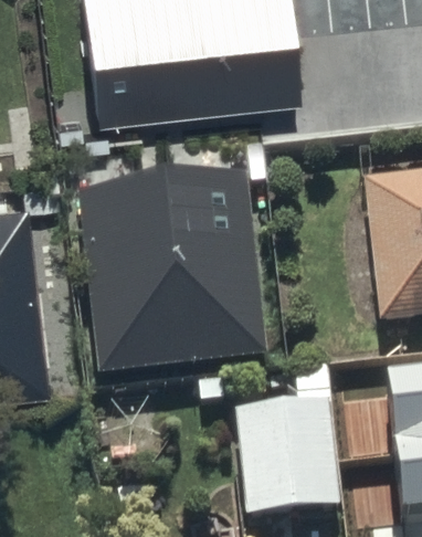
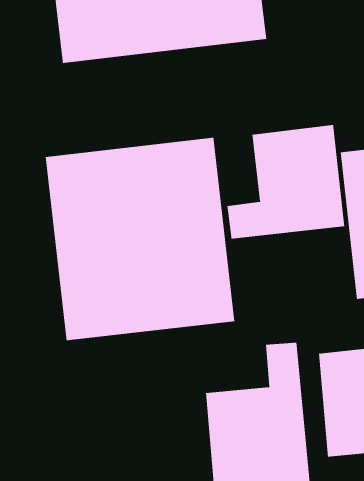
building: none -> [227,124,345,240]

